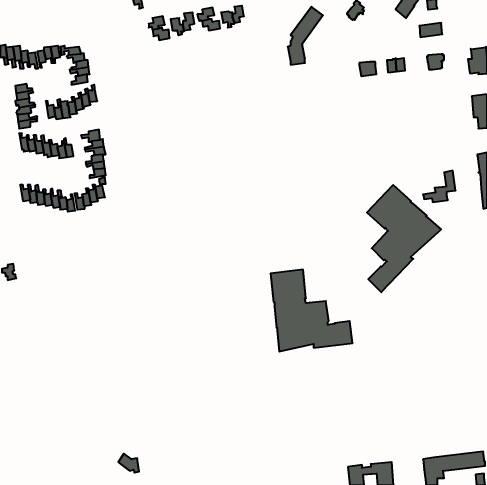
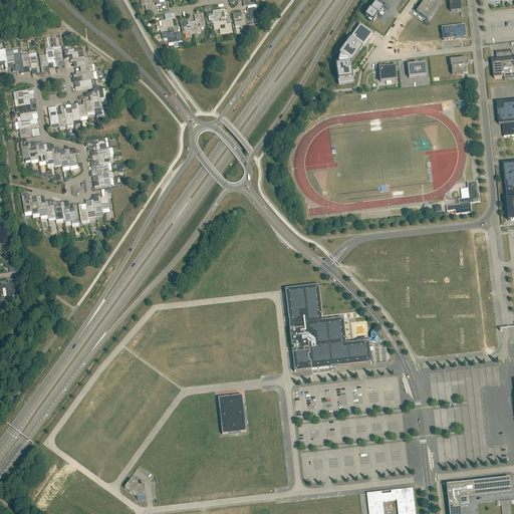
building: [288,7,323,65] -> [335,23,372,84]
building: [367,185,441,292] -> none
building: none -> [218,395,246,434]

